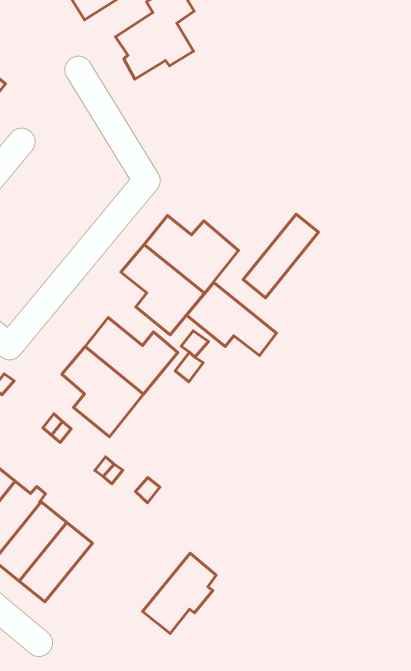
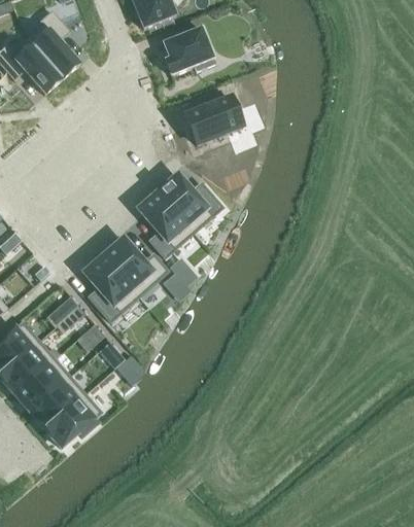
building: none -> [186,90,243,144]
building: [243,214,319,298] -> none
building: [186,282,277,356] -> none
building: [143,553,216,633] -> [45,393,101,447]

